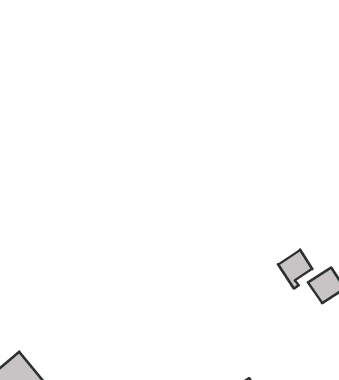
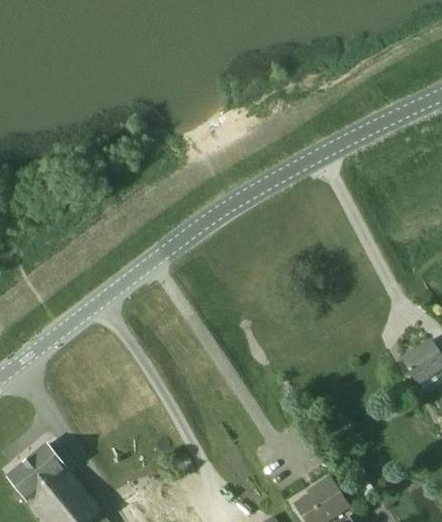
building: [278,250,312,288] -> none

